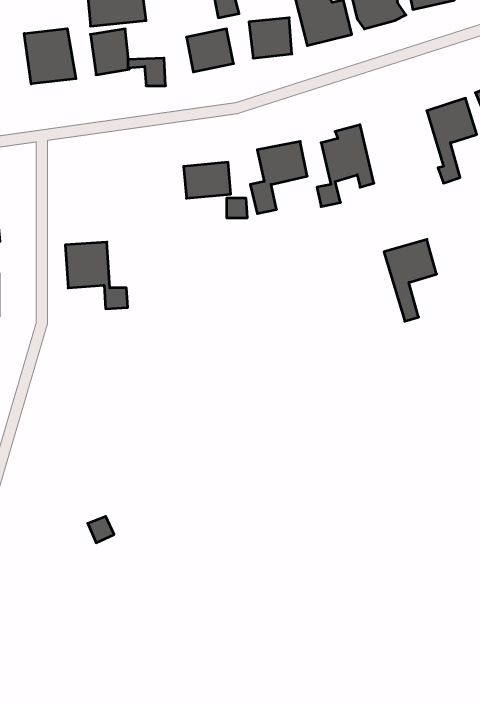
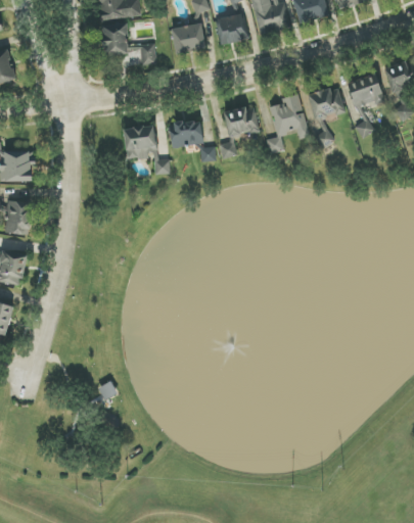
building: [24,29,76,84] -> none
building: [384,239,437,321] -> [307,85,346,145]
building: [65,242,128,309] -> [124,125,170,174]

